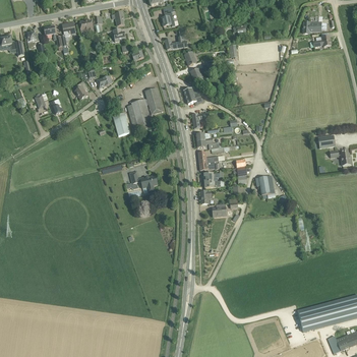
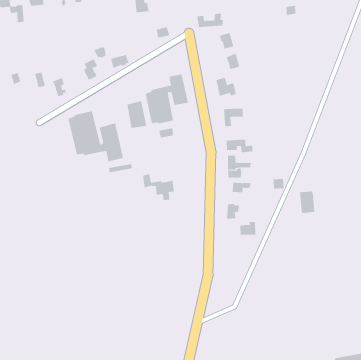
building: none -> [68,111,123,162]

